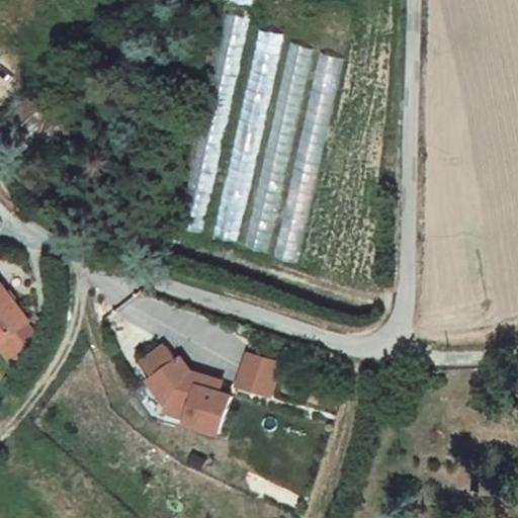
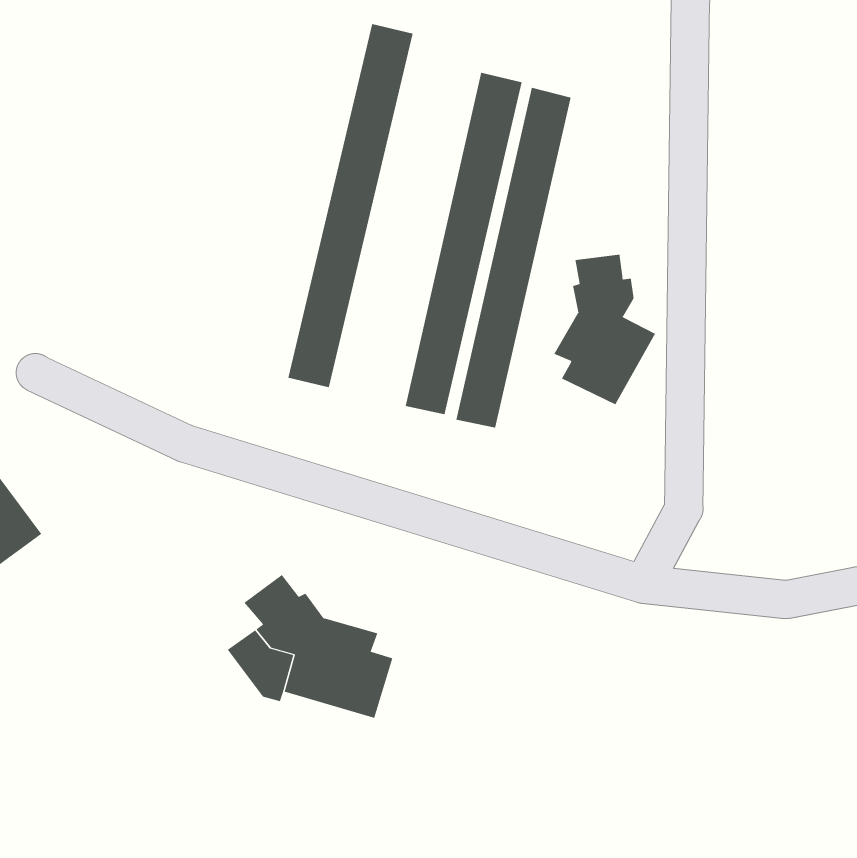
building: [208,28,285,244] -> none
building: none -> [553,254,656,405]
building: [243,354,283,395] -> none

